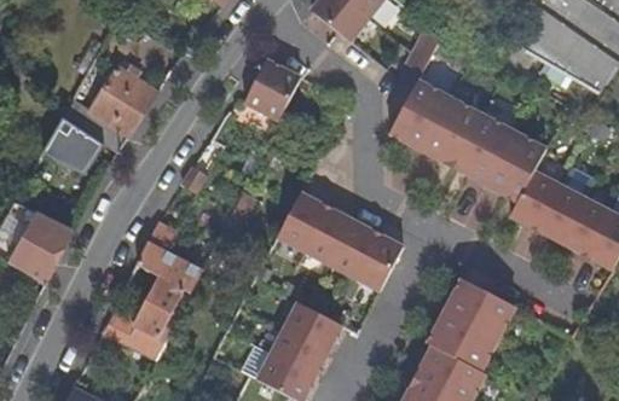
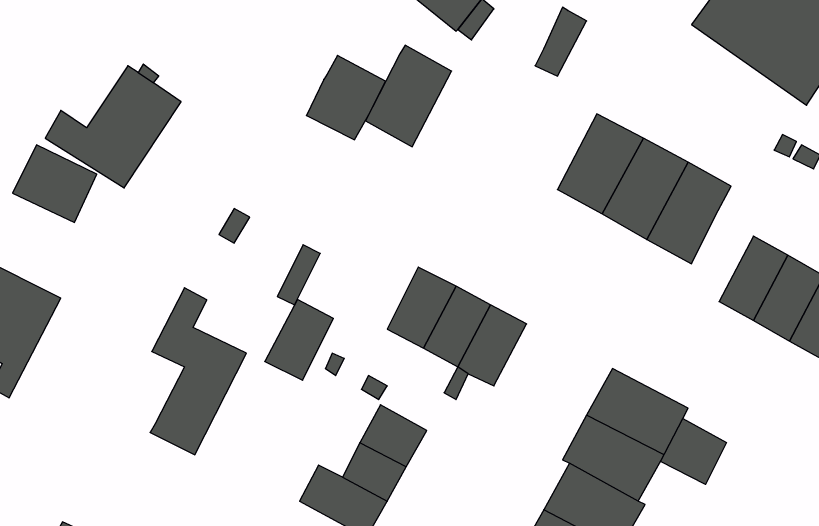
building: [391,81,451,152] -> [366,45,452,147]
building: [510,170,561,231] -> none
building: [277,193,325,250] -> [265,299,333,380]
building: [104,304,168,356] -> none
building: none -> [661,419,726,484]

